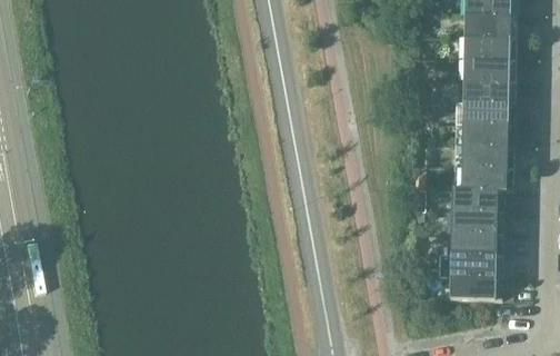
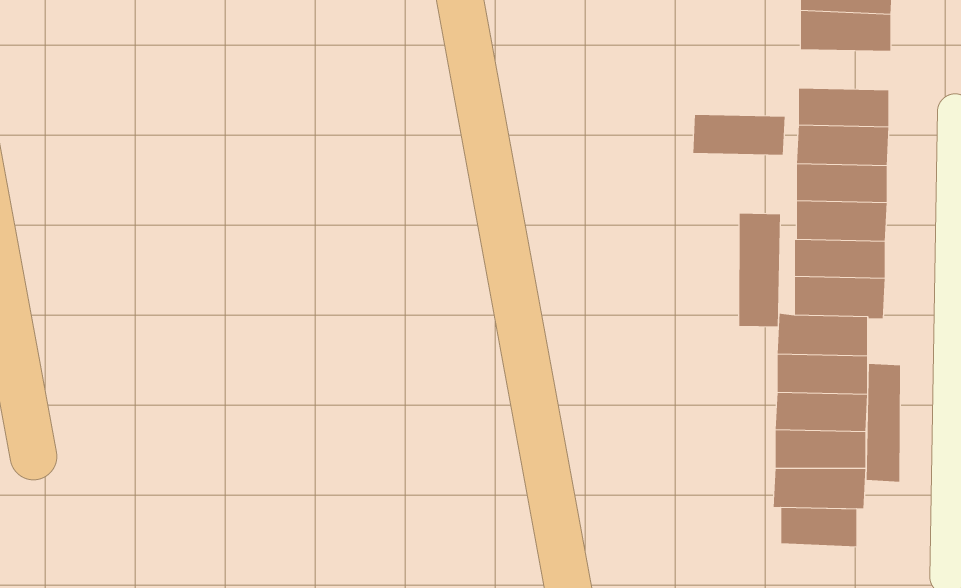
building: [461,34,514,58] -> [692,114,786,155]
building: none -> [739,213,780,327]
building: none -> [866,363,901,482]
building: none -> [781,507,857,547]

